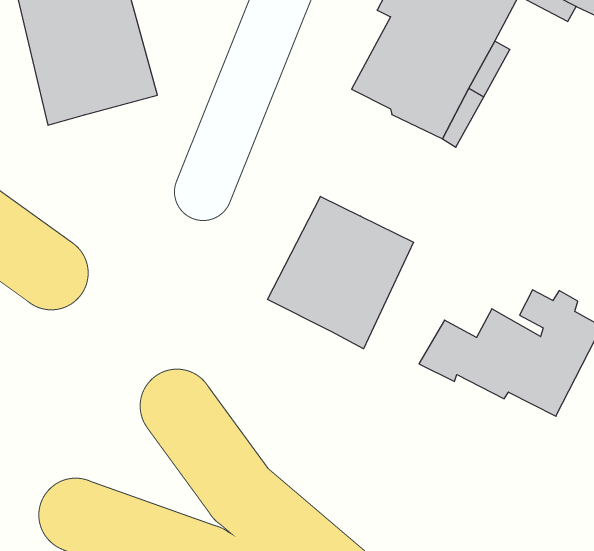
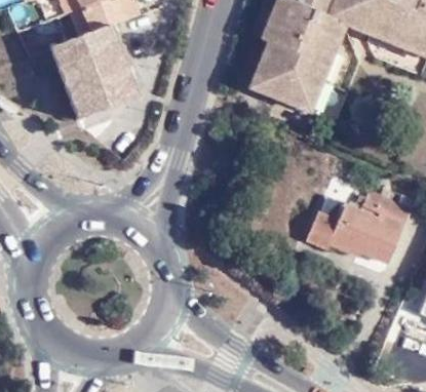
building: [268,196,414,349] -> none

